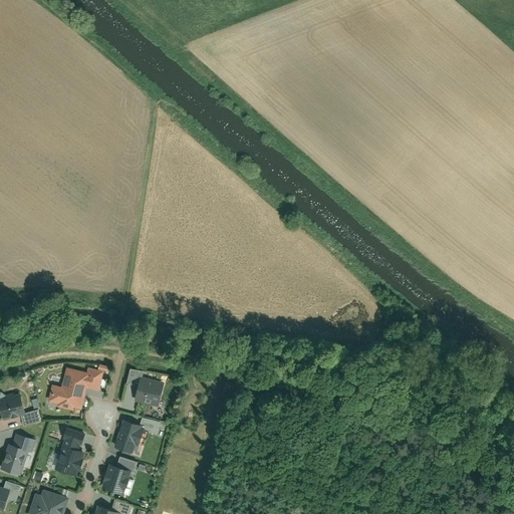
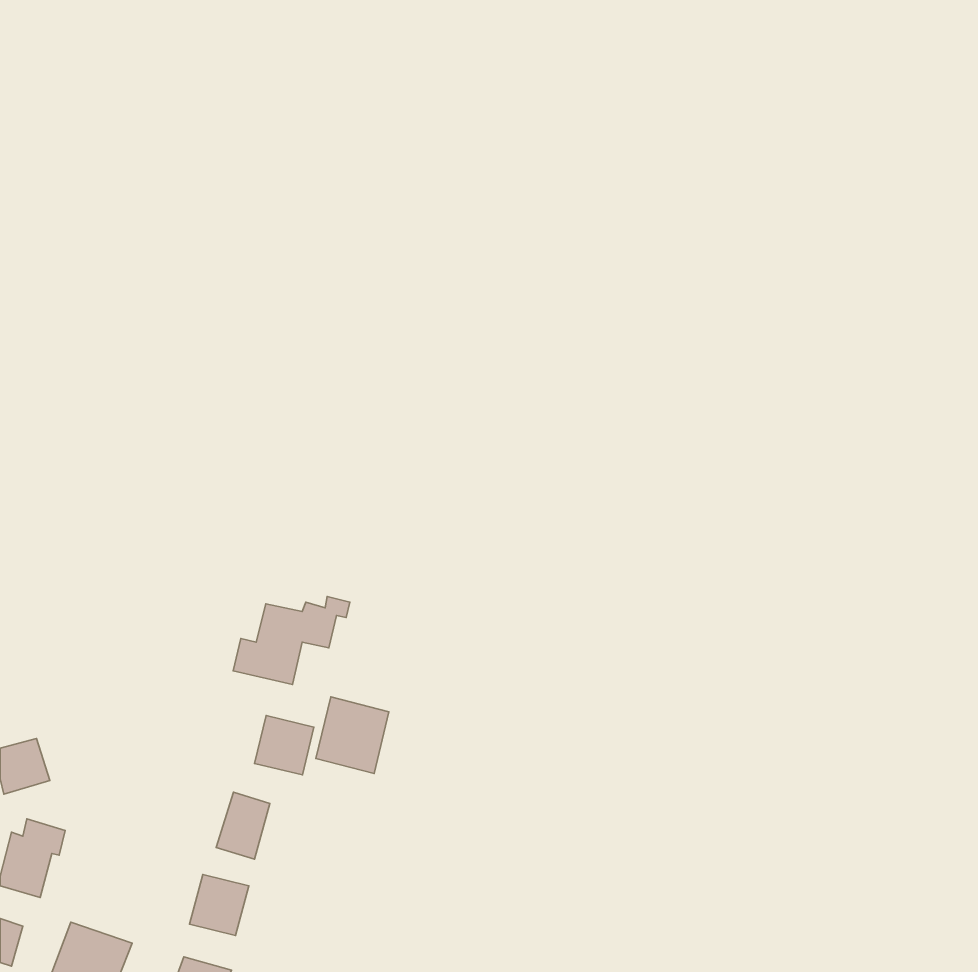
building: [49,364,110,411] -> [233,596,350,684]
building: none -> [316,697,389,774]
building: [55,426,85,477] -> none

